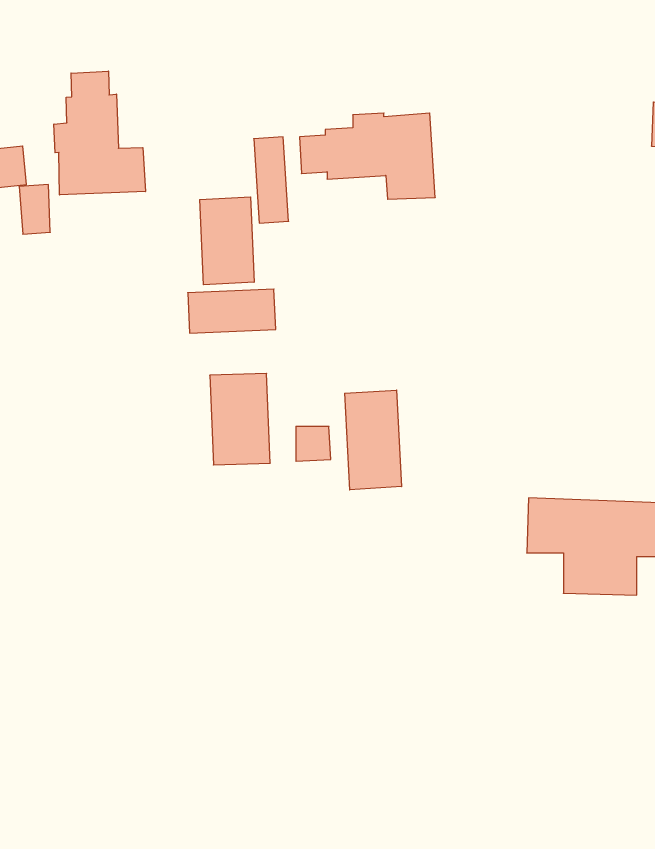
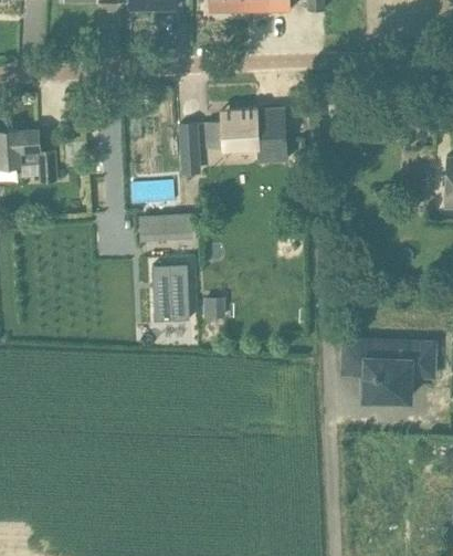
building: [54,71,145,195] -> none
building: [200,197,254,285] -> none
building: [345,390,402,490] -> none

